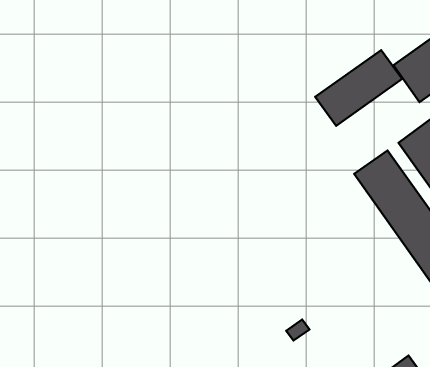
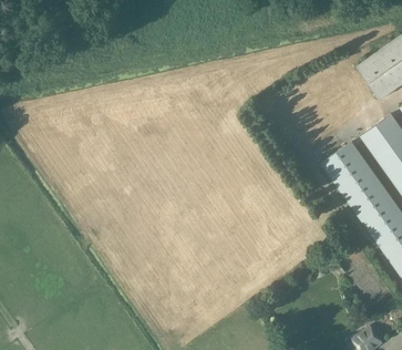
building: [315,50,402,126] -> none

